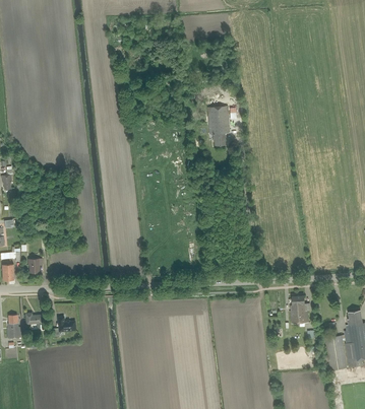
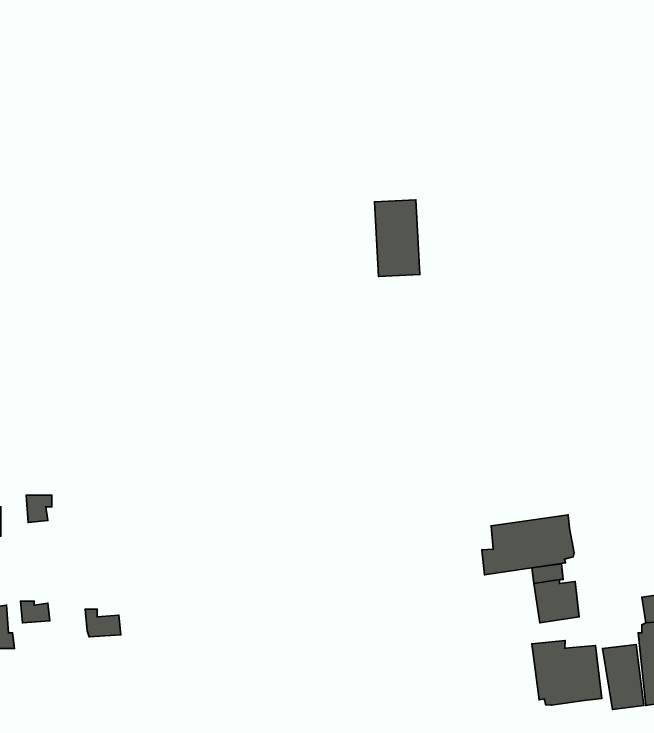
building: none -> [482,515,574,575]
building: none -> [532,640,602,705]

